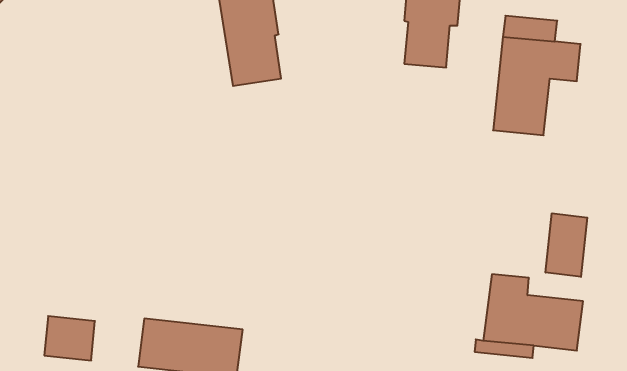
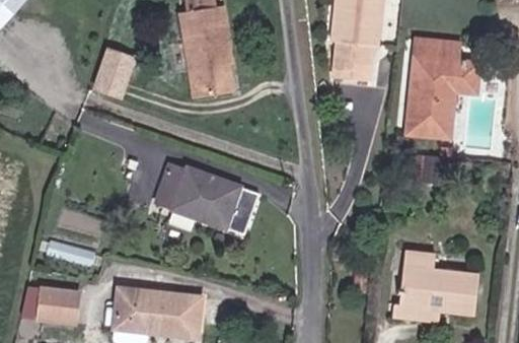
building: none -> [91,51,130,97]
building: none -> [155,164,258,236]
building: [546,213,587,277] -> none

